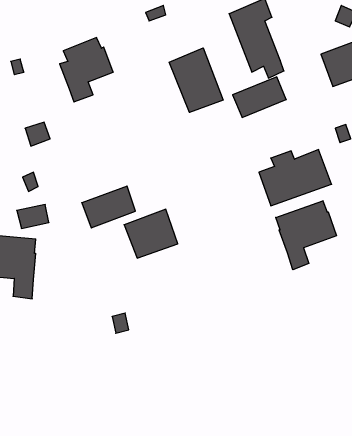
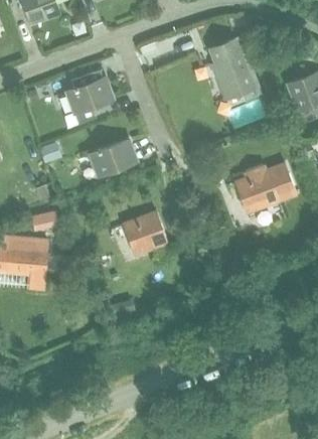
building: [169,48,223,112] -> none
building: [82,186,135,228] -> [91,139,136,174]
building: [276,201,337,270] -> none

